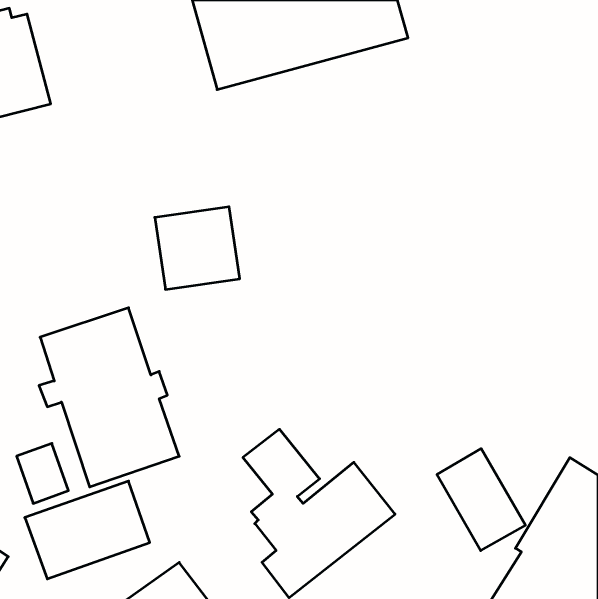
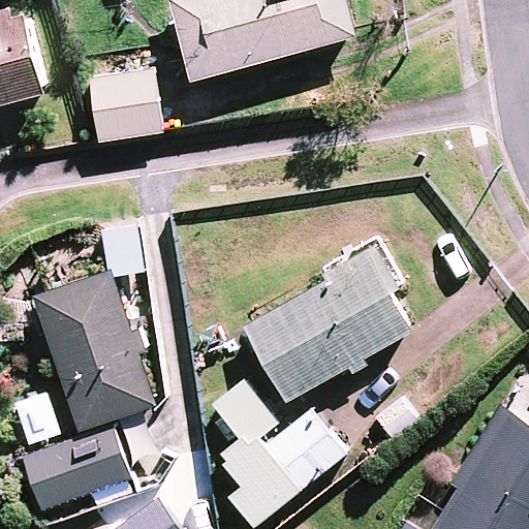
building: [155,207,240,289] -> [89,70,163,143]
building: none -> [244,243,411,402]
building: [437,449,525,551] -> none

